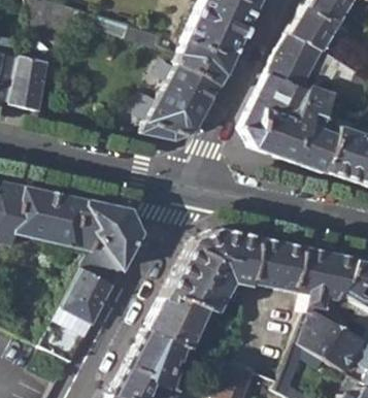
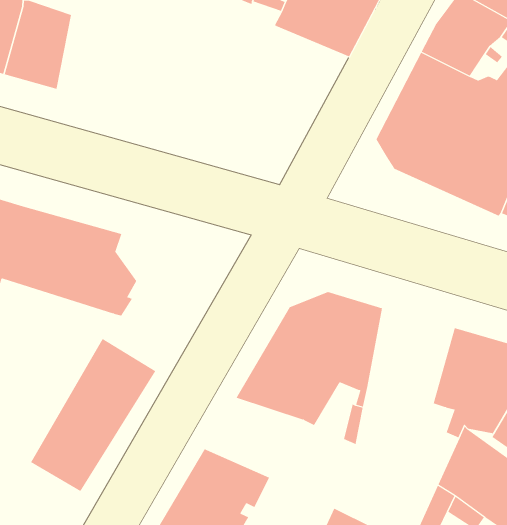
building: [143,63,225,141] -> none
building: [81,199,144,284] -> none
building: [249,235,301,293] -> none
building: [149,297,210,346] -> none

